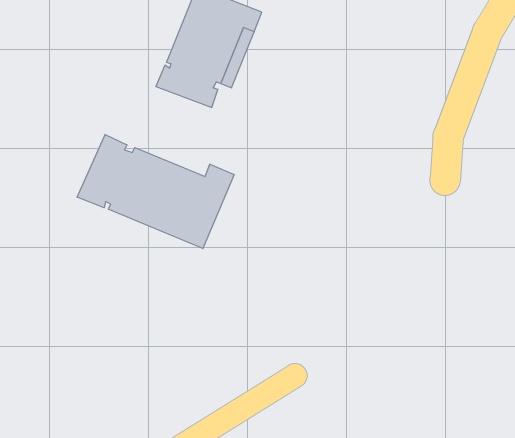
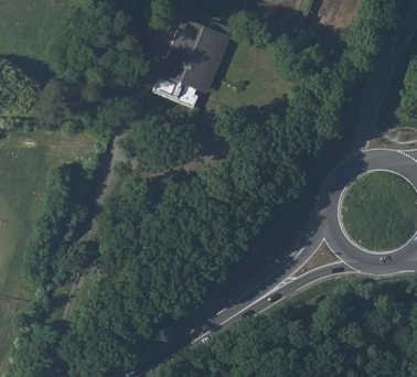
building: [77,134,234,249] -> none

